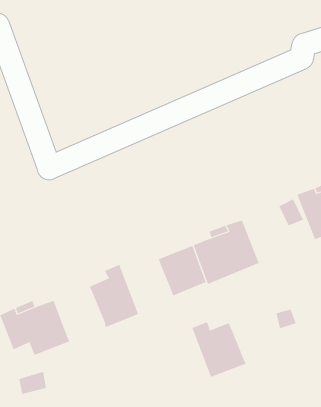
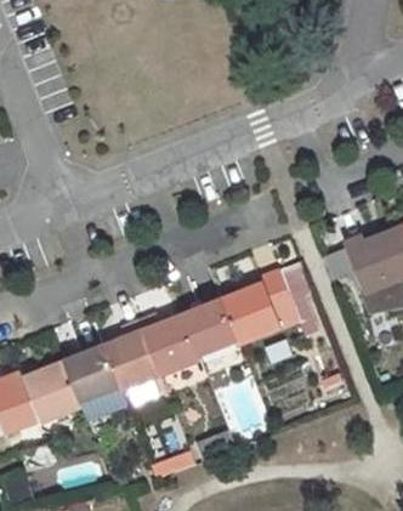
building: none -> [64,346,121,404]
building: [191,321,246,378] -> [140,313,203,377]

